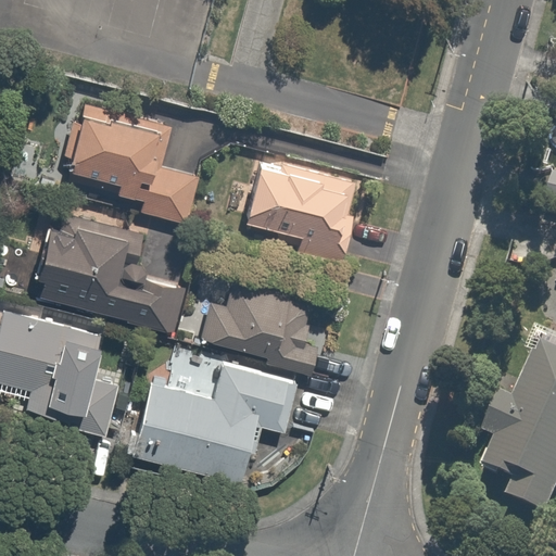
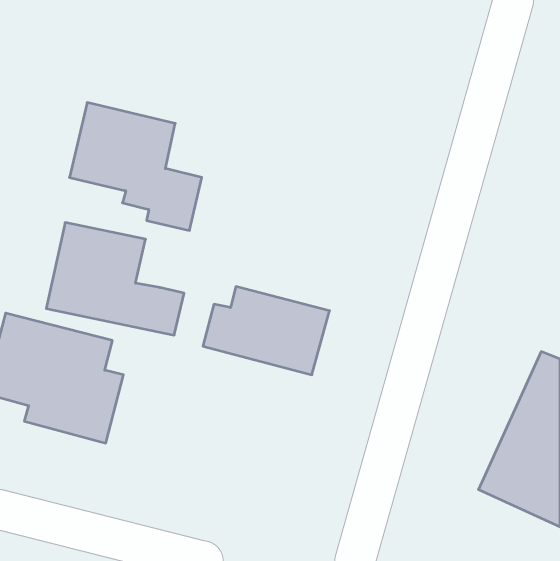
building: [241,155,362,262] -> none
building: [134,364,292,480] -> none

